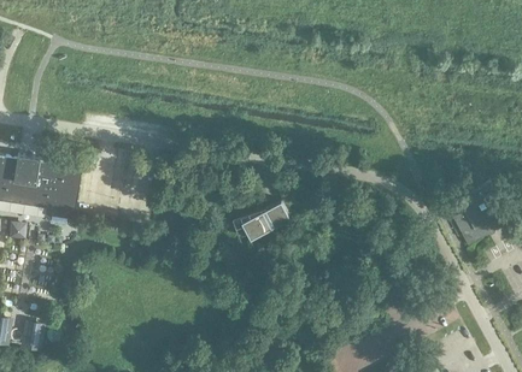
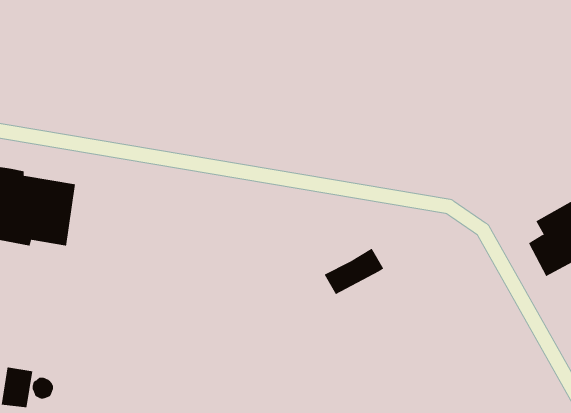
building: [239,200,288,238] -> [324,248,384,295]

